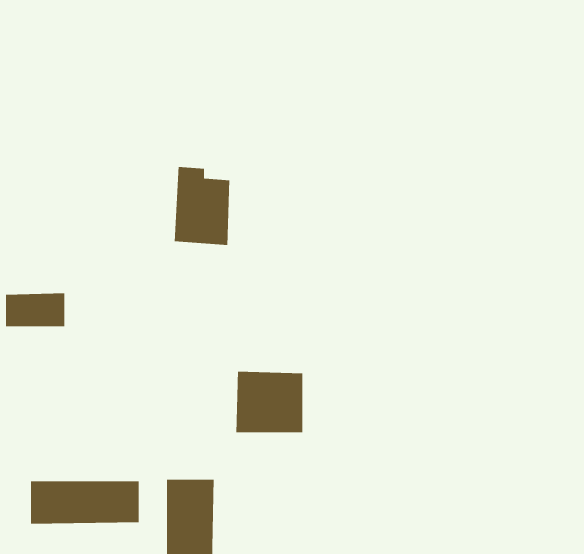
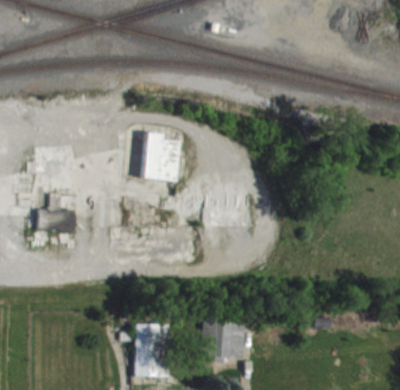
building: [235,371,303,433] -> [203,319,245,357]
building: [30,480,139,524] -> none

